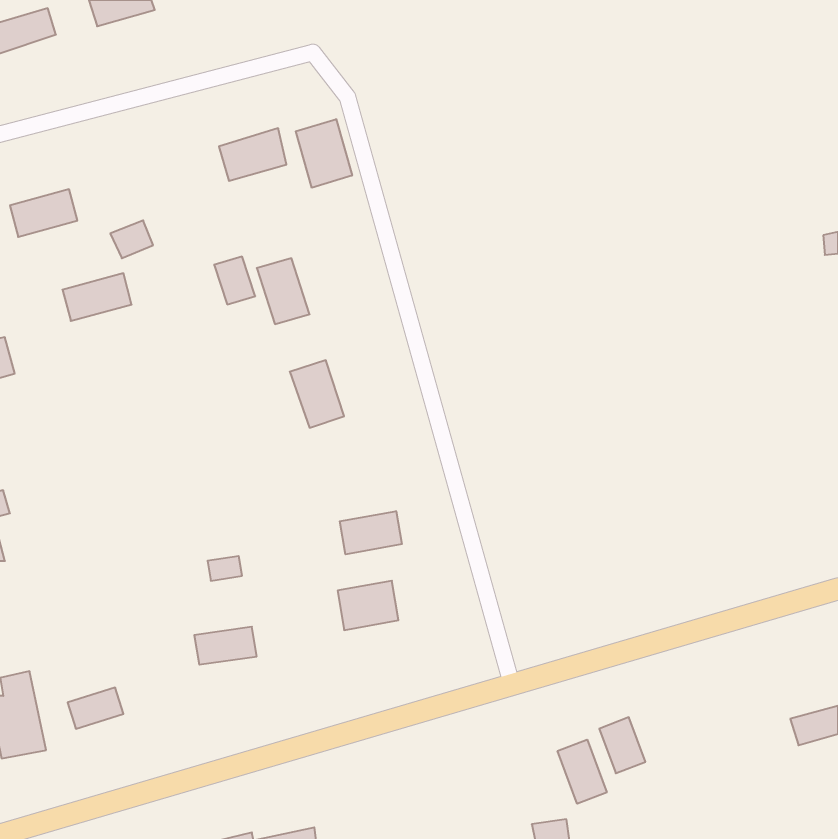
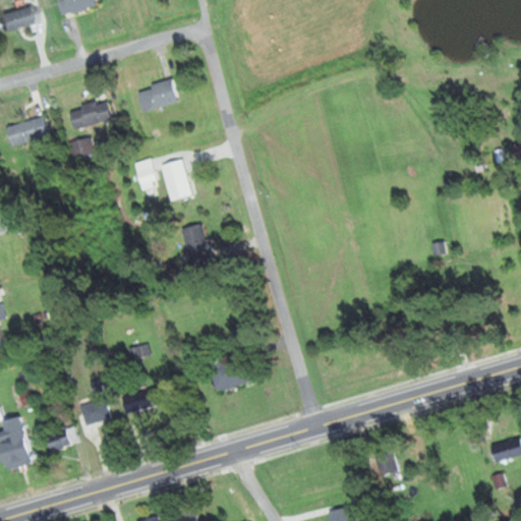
building: [296,119,352,188] -> none
building: [62,273,132,321] -> [67,101,110,130]
building: [340,511,402,554] -> none
building: none -> [78,399,110,425]
building: [558,740,607,804] -> none

